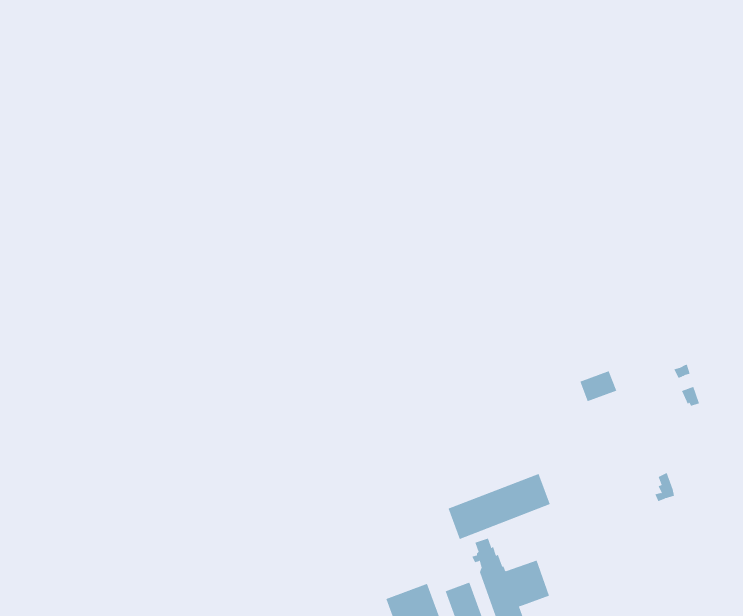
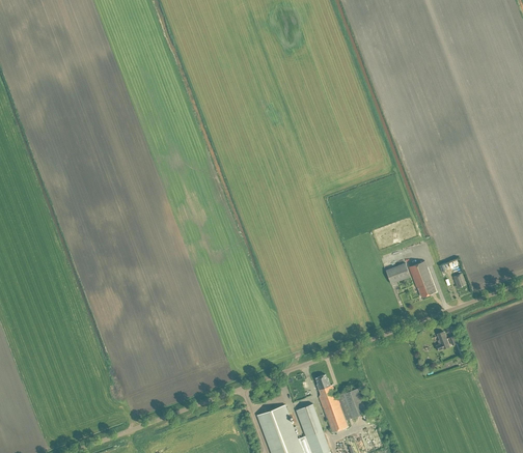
building: none -> [408,261,435,296]
building: [448,473,551,540] -> none

